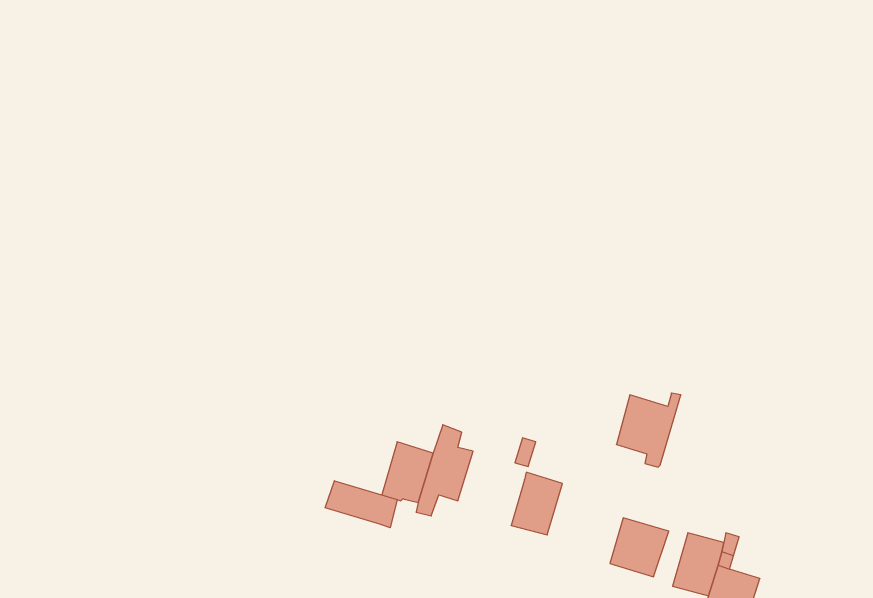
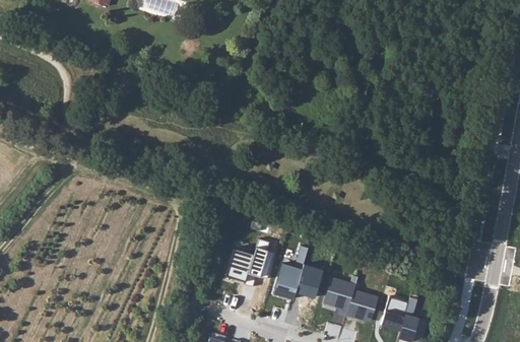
building: [616,393,681,467] -> [323,275,358,315]
building: none -> [272,264,301,300]
building: [325,481,397,528] -> none

